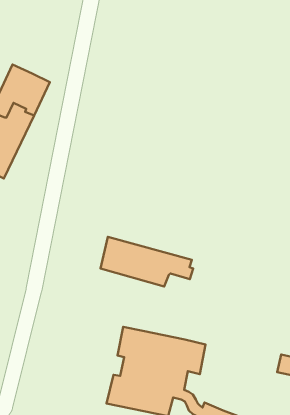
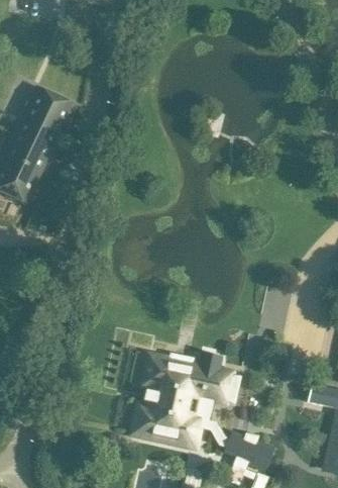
building: [101,237,193,286] -> none

